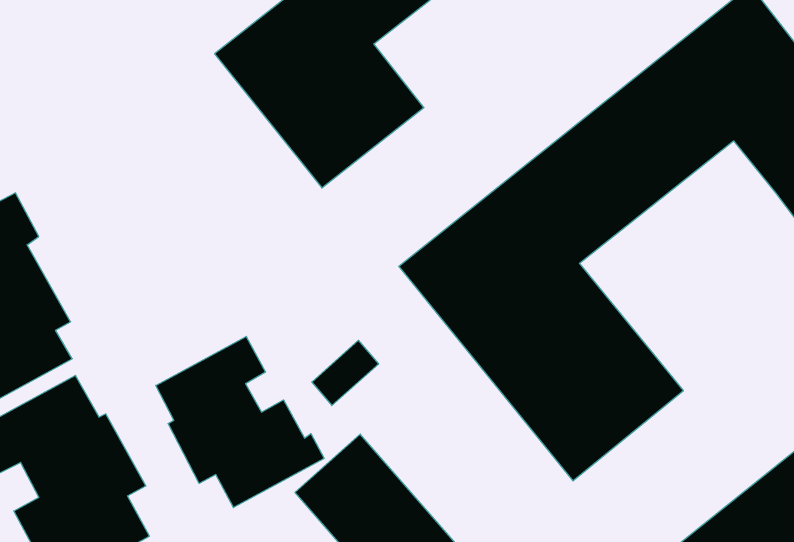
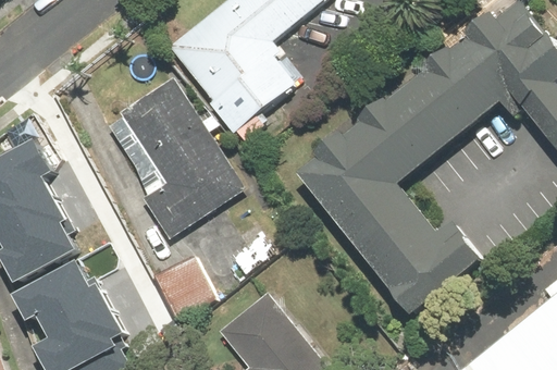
building: none -> [101,73,245,236]
building: [156,336,324,508] -> none

